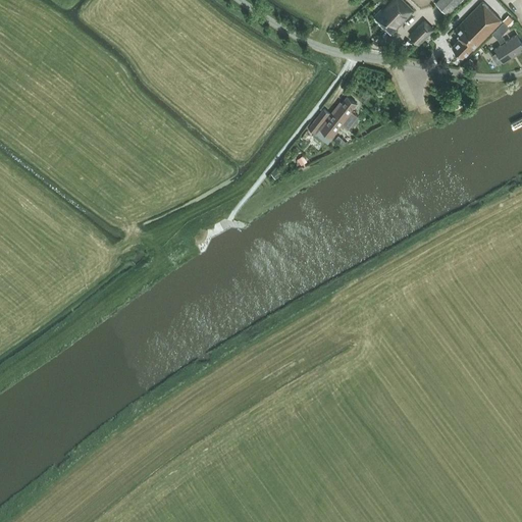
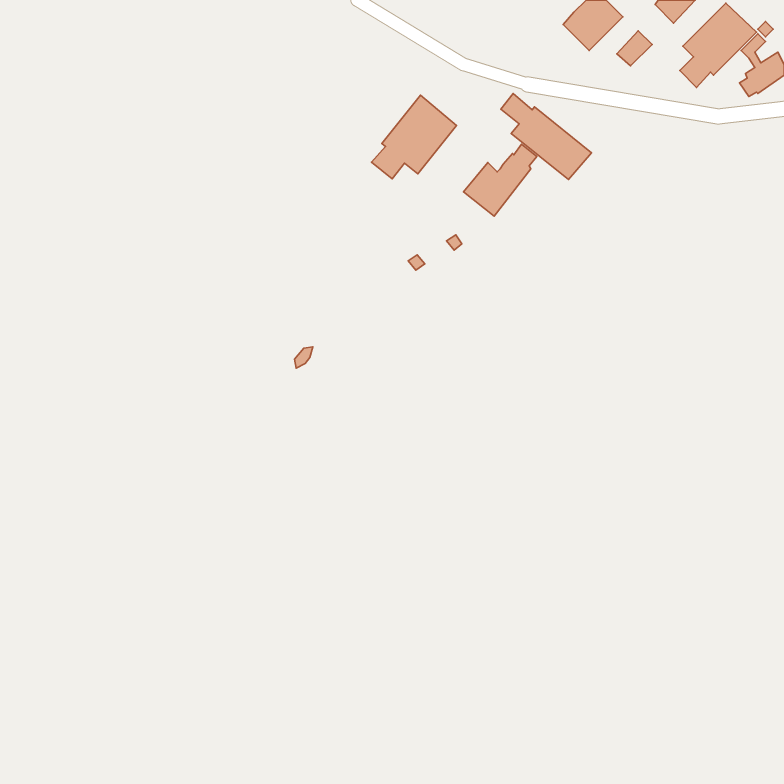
building: none -> [501,93,592,179]
building: none -> [372,95,456,179]

